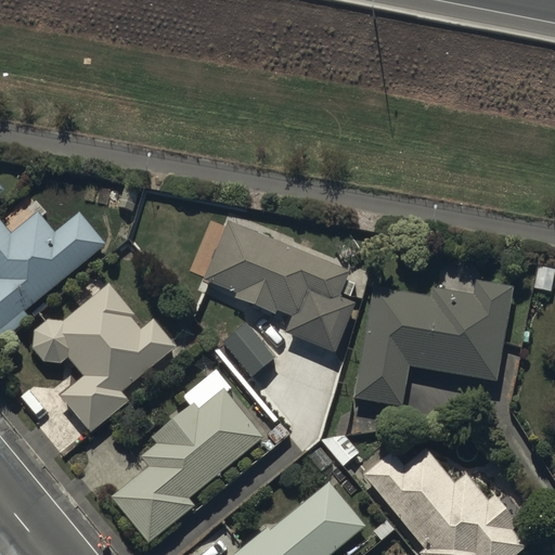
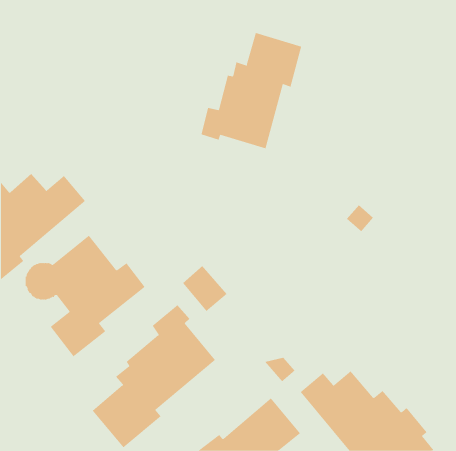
building: none -> [201,32,302,149]
building: [203,221,357,353] -> none
building: [354,282,512,405] -> none

